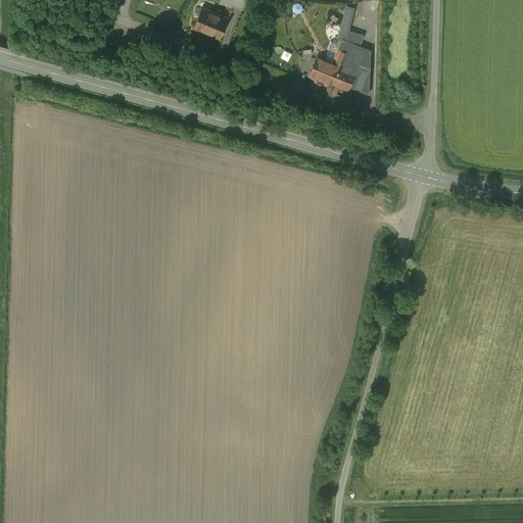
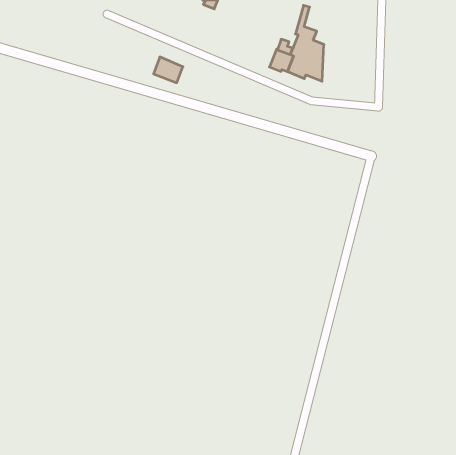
building: [194,9,228,39] -> [154,57,183,83]

